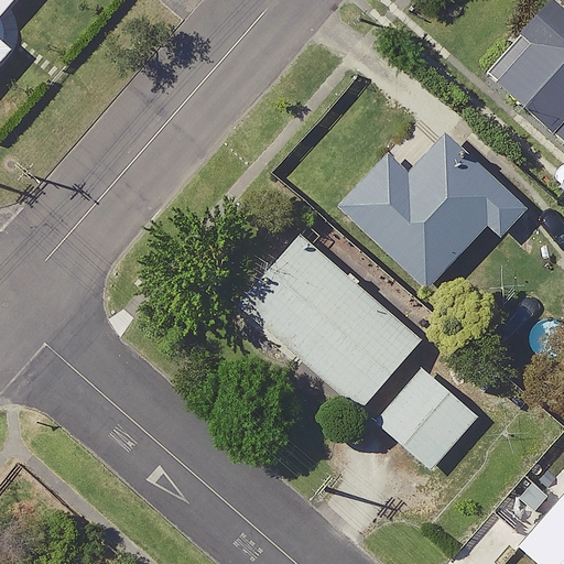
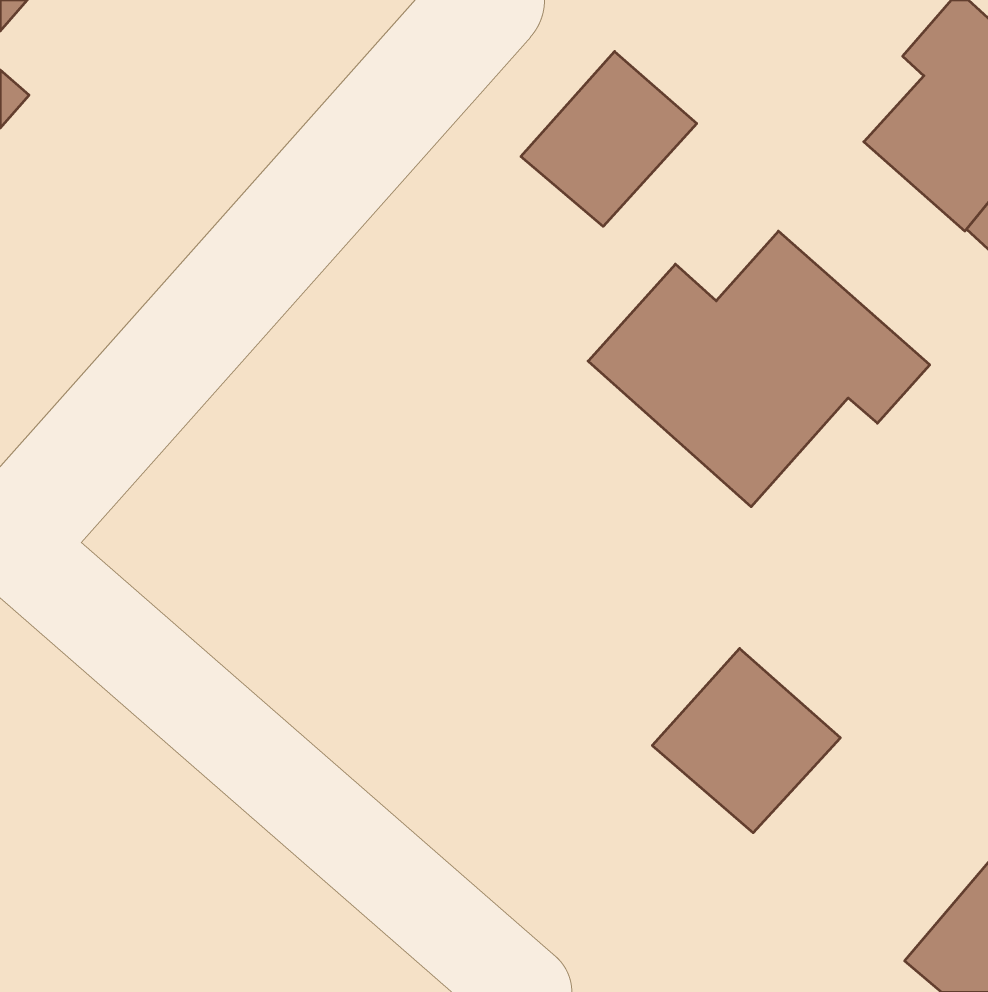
building: none -> [521,51,697,226]
building: [236,232,422,413] -> none

